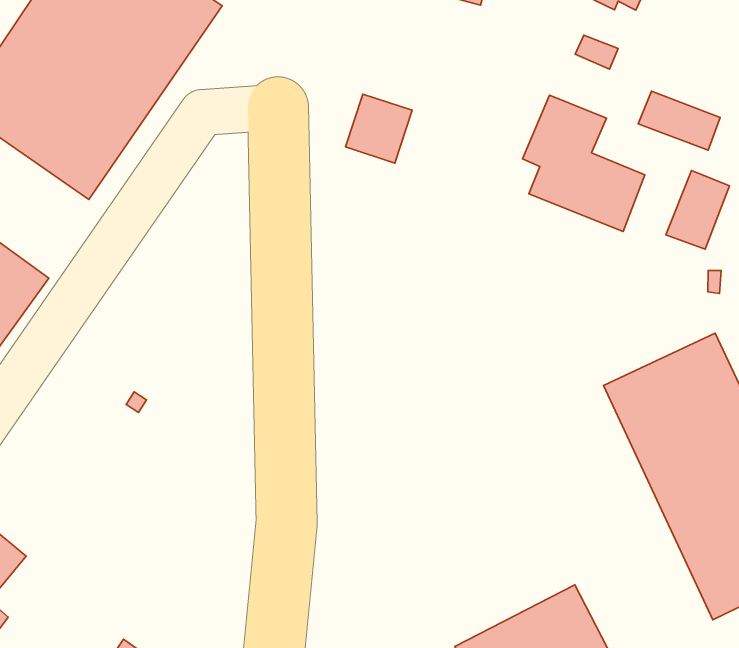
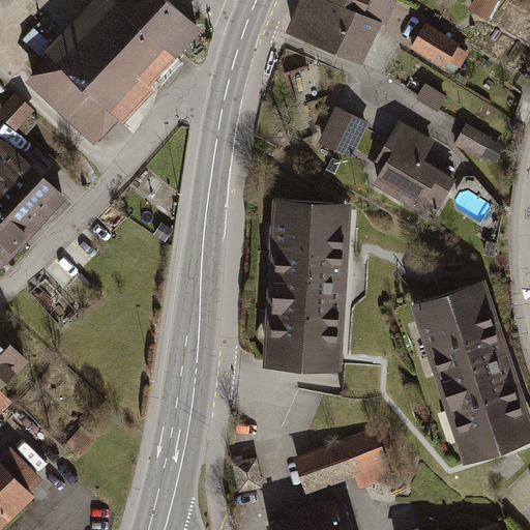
building: [346,94,412,163] -> [321,110,366,156]
building: [666,171,729,249] -> none
building: none -> [265,197,348,367]

